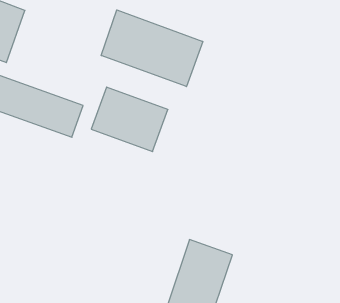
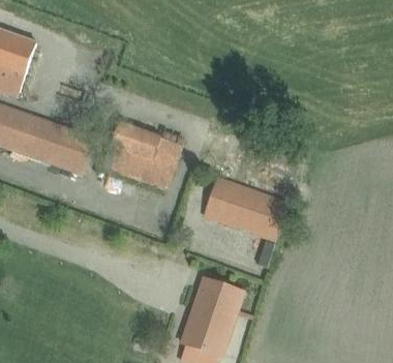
building: [101,10,203,87] -> none
building: none -> [203,178,285,238]

